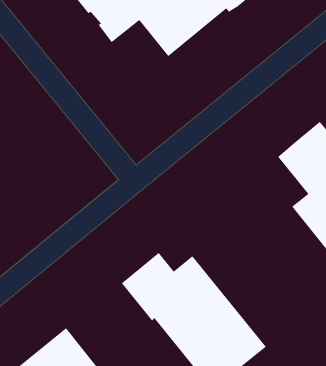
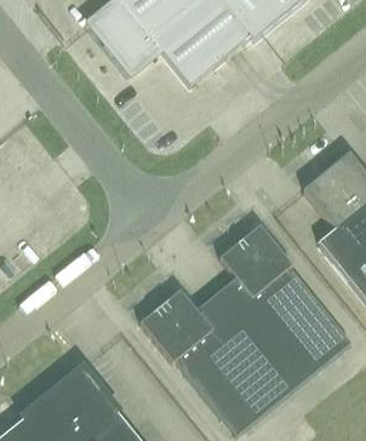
building: none -> [216,224,350,388]

